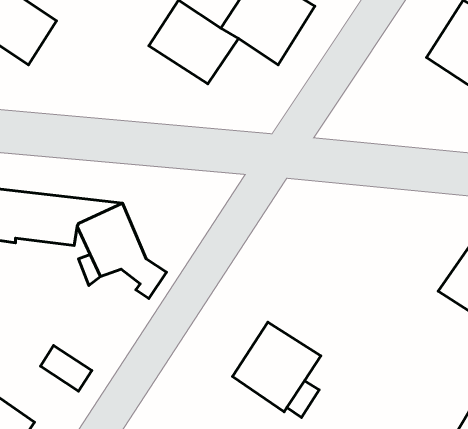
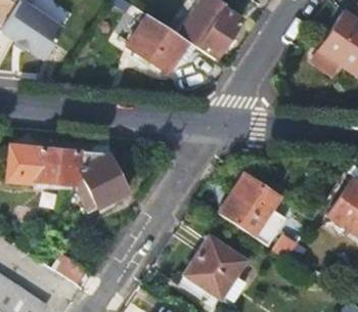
building: none -> [220,176,279,237]

